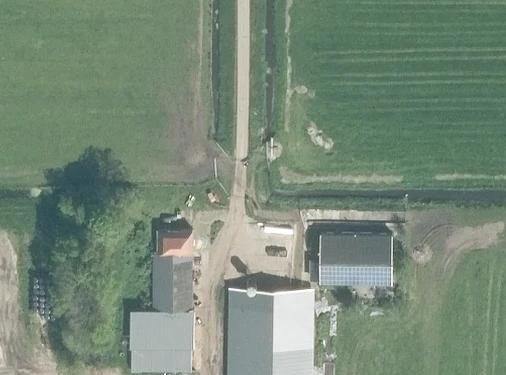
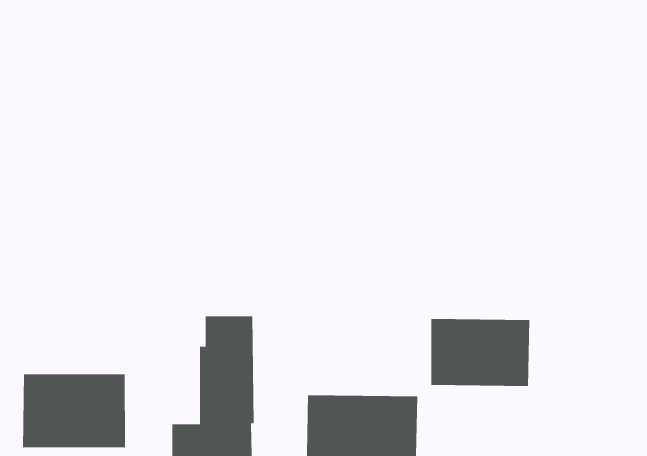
building: none -> [22,374,126,448]

